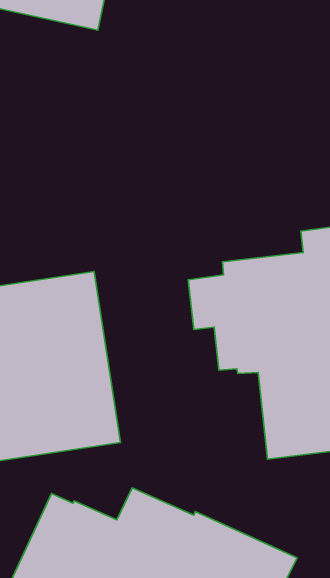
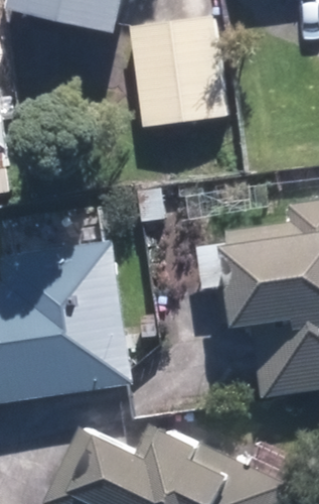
building: none -> [133,14,227,129]

